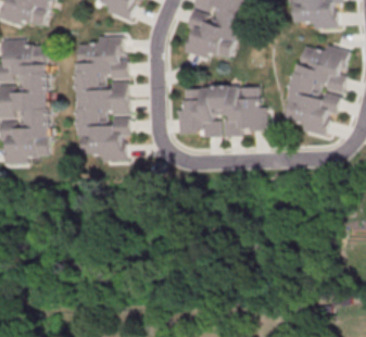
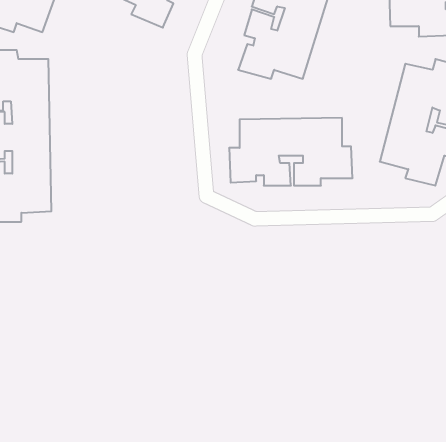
building: [75,36,127,160] -> none

